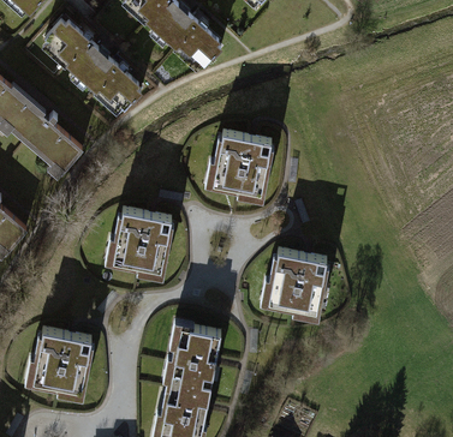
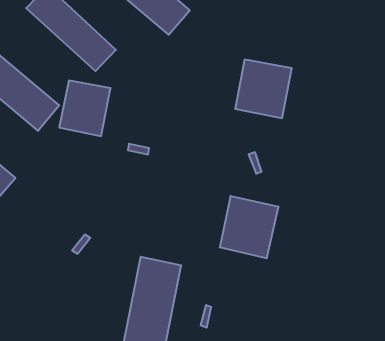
building: [203,132,267,198] -> [235,60,292,118]
building: [113,210,171,273] -> [59,81,111,136]
building: [28,330,90,400] -> none

